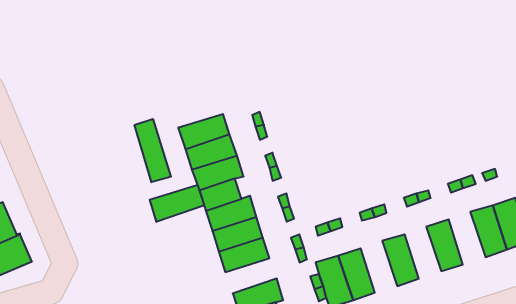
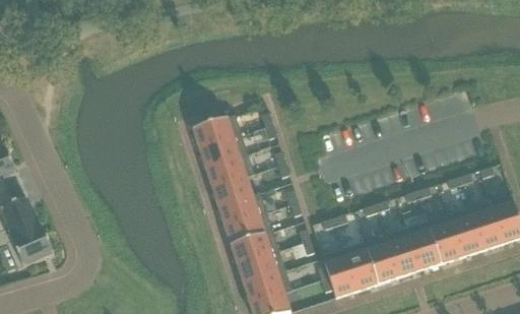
building: [135,119,171,182] -> none
building: [150,185,204,222] -> none
building: none -> [448,207,482,257]
building: none -> [406,222,441,270]
building: none -> [365,235,399,284]
building: none -> [237,251,285,285]

